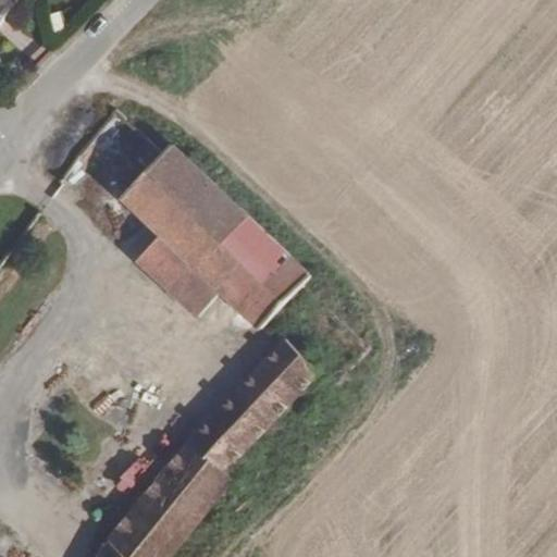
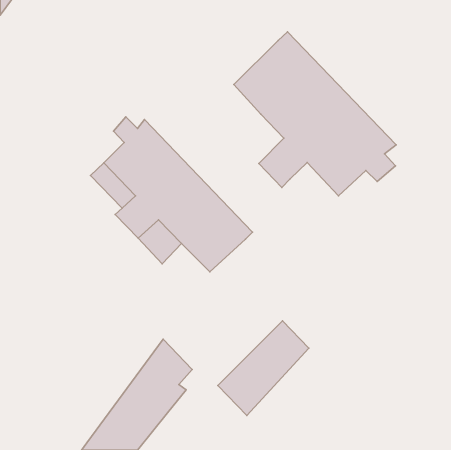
building: none -> [234,32,396,196]
building: [202,337,314,454] -> [218,321,309,416]

